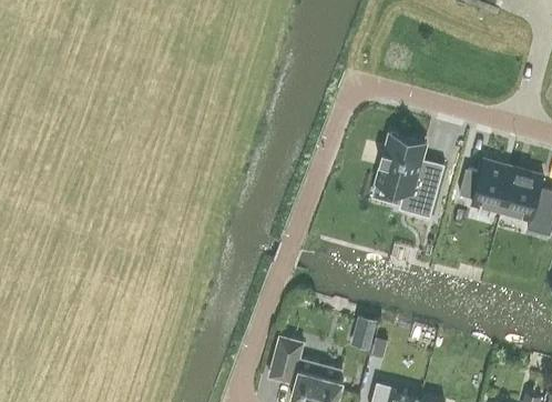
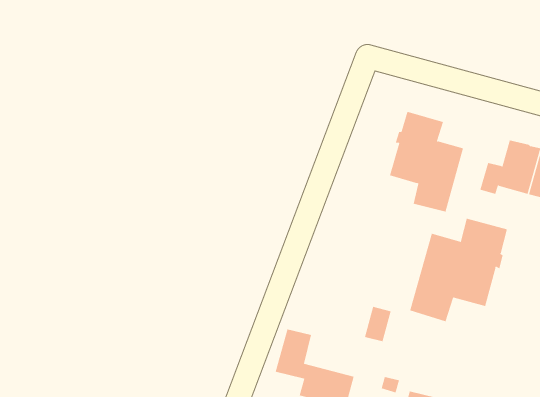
building: none -> [409,218,508,322]

